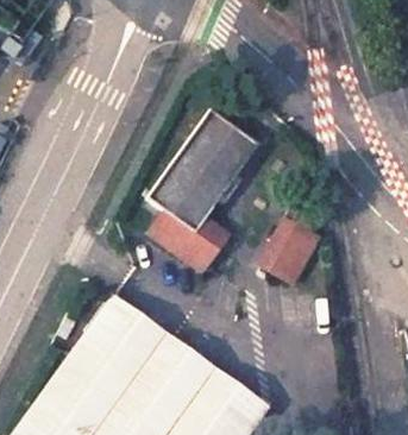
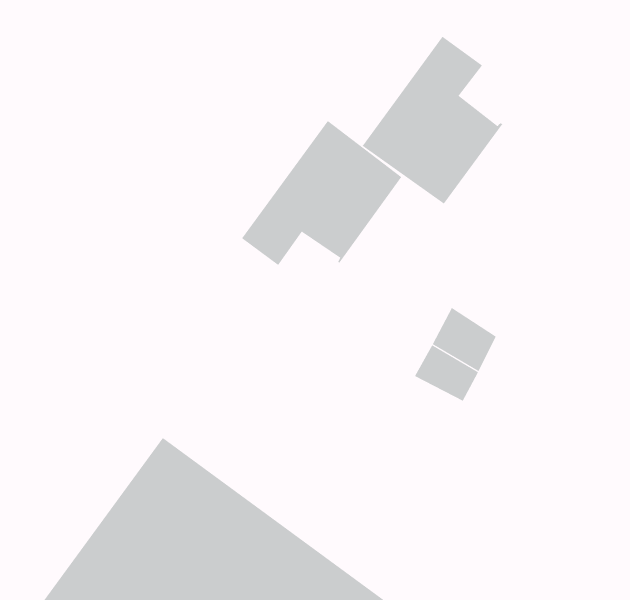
building: none -> [362,36,503,204]
building: [147,177,232,273] -> none

